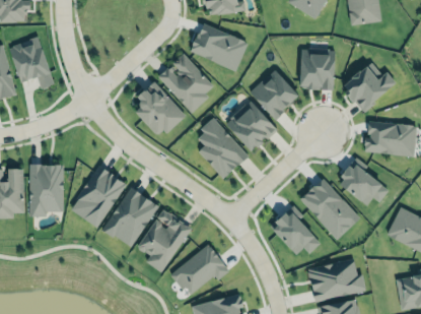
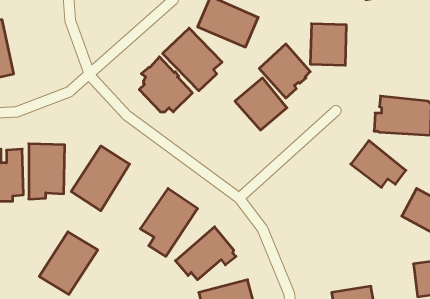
building: [8,37,52,87] -> none
building: [342,66,397,112] -> none
building: [197,116,248,179] -> none
building: [299,178,360,240] -> none
building: [102,188,158,248] -> [39,232,98,294]
building: [270,205,321,255] -> none
building: [307,259,366,302] -> none

